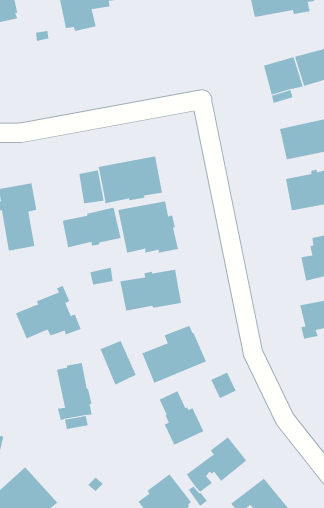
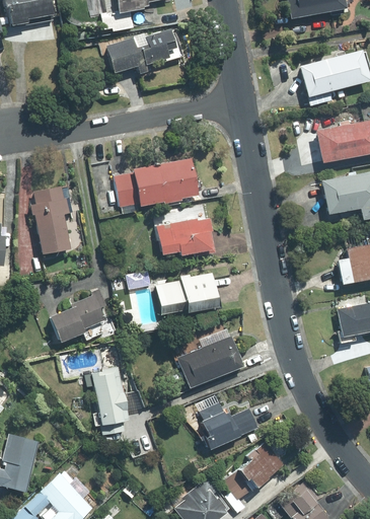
building: none -> [105,29,182,74]
building: [62,207,121,248] -> none
building: [100,340,136,385] -> none
building: [210,372,237,399] -> [231,409,257,436]

